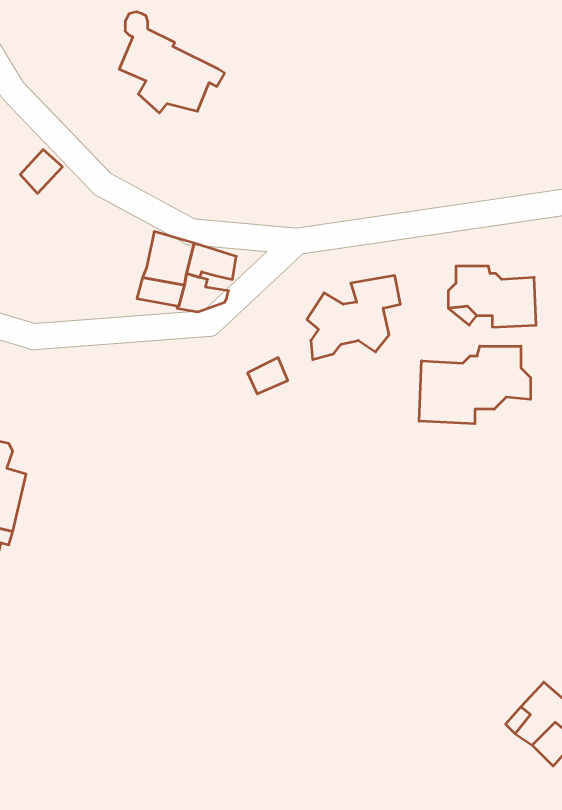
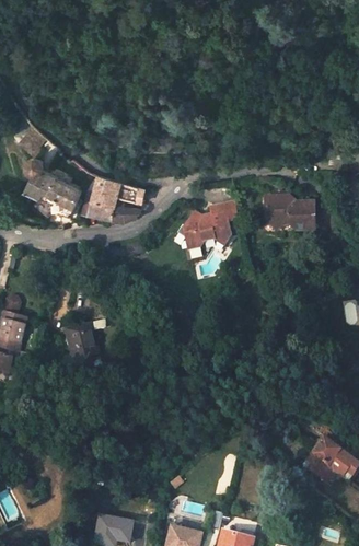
building: [119,12,224,113] -> [26,158,86,216]
building: [419,346,531,424] -> none
building: none -> [62,321,100,373]

